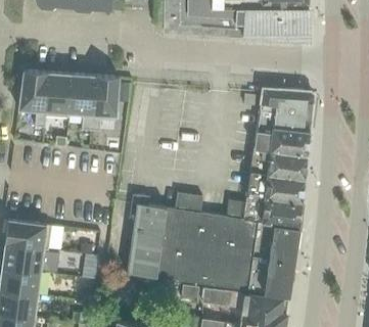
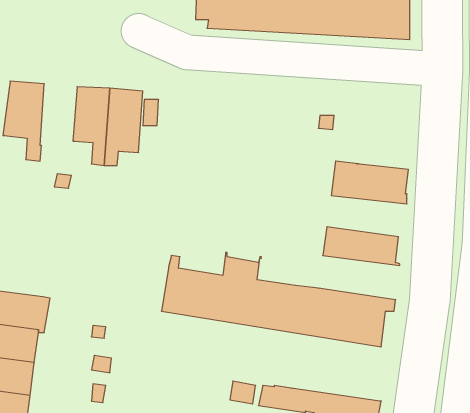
building: [45,73,72,119] -> none
building: [257,88,315,134] -> none
building: [250,152,308,182] -> none
building: [228,195,303,227] -> none
building: [126,235,290,295] -> none

